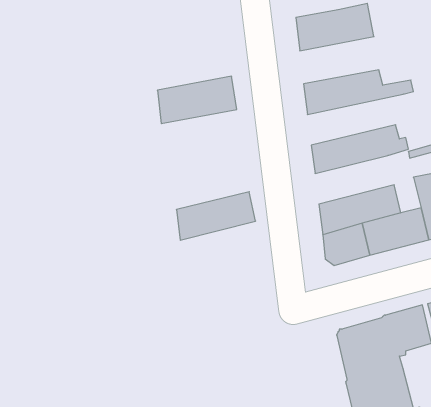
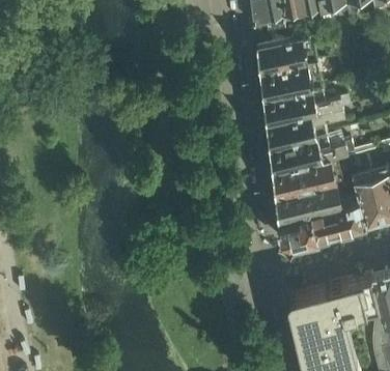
building: [157,76,237,124] -> [260,66,325,105]
building: none -> [267,113,346,154]
building: [176,192,256,240] -> [273,163,337,202]

